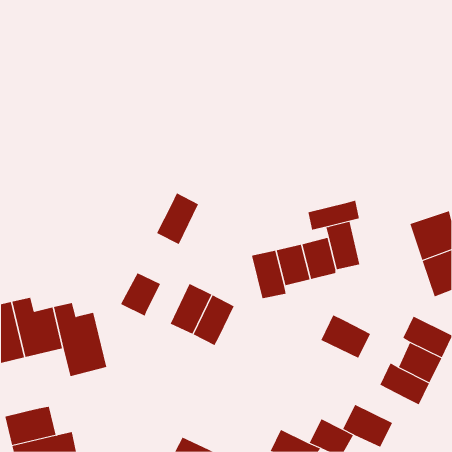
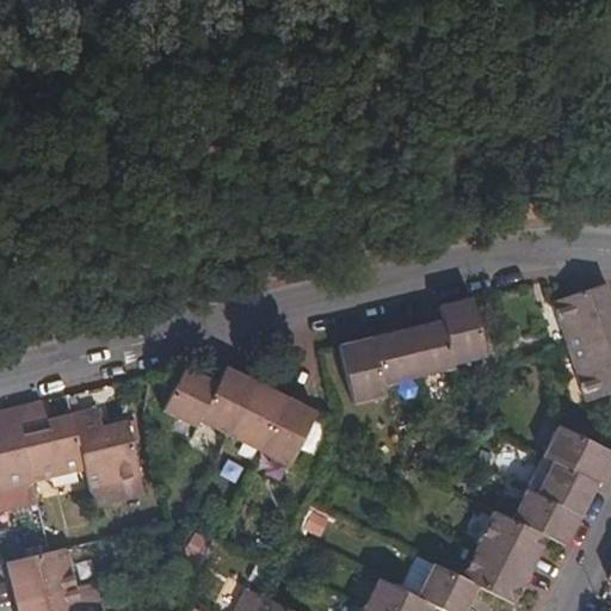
building: [156,193,199,245] -> [198,366,255,437]
building: [308,200,360,231] -> none
building: [321,314,371,359] -> [479,511,547,570]

